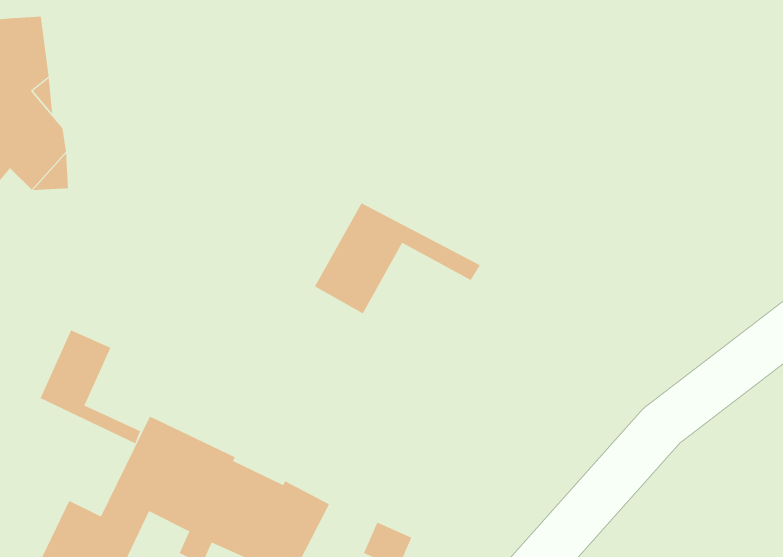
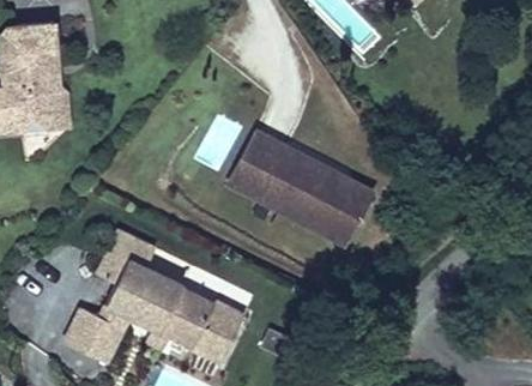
building: none -> [258,153,371,242]
building: [40,330,141,444] -> none

